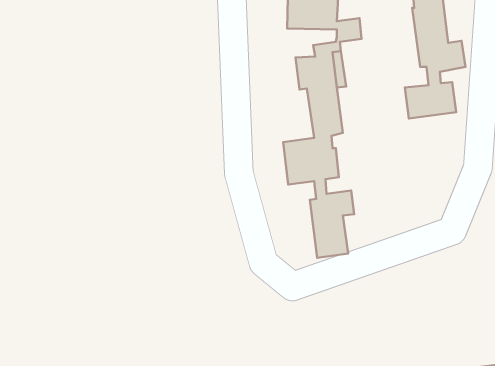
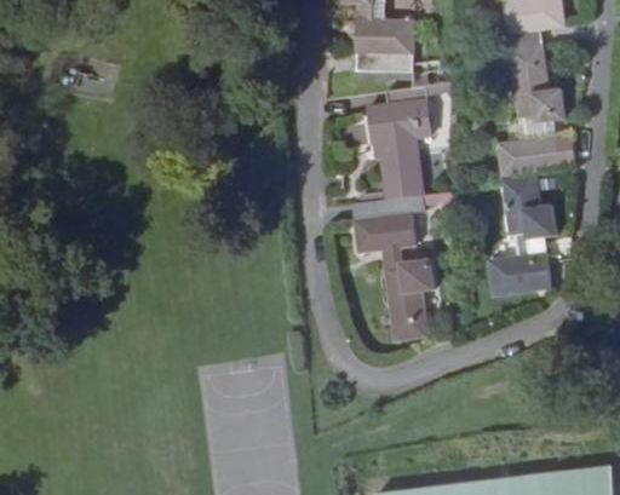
building: none -> [488,177,558,295]

